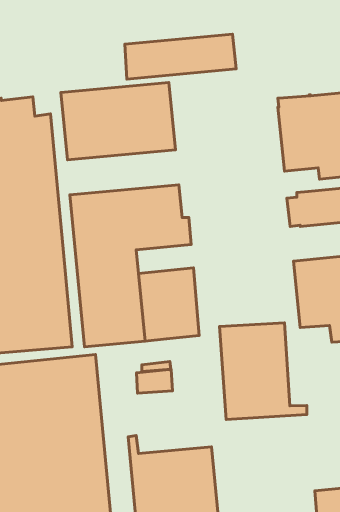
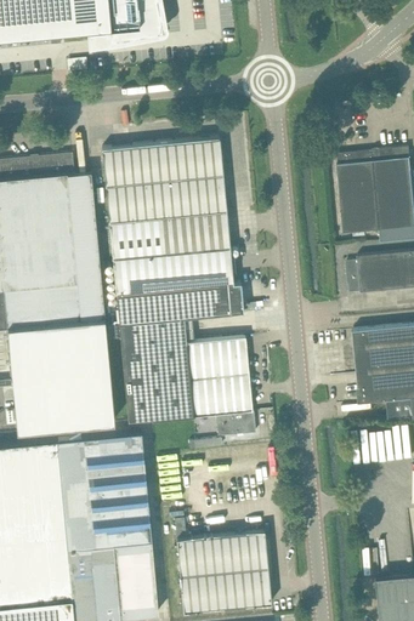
building: [125,34,236,79] -> [109,211,229,260]
building: [220,323,307,420] -> none
building: [136,369,172,393] -> [216,411,255,437]

